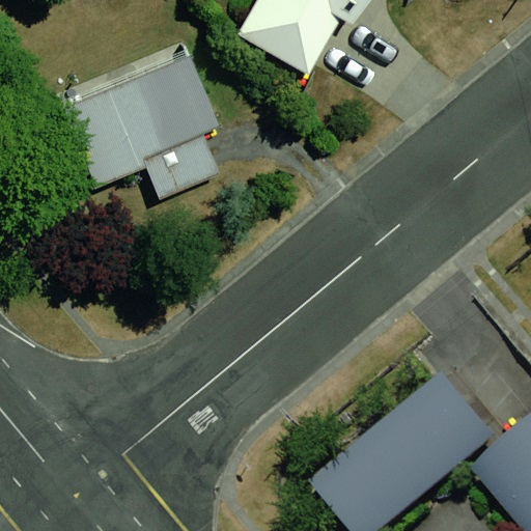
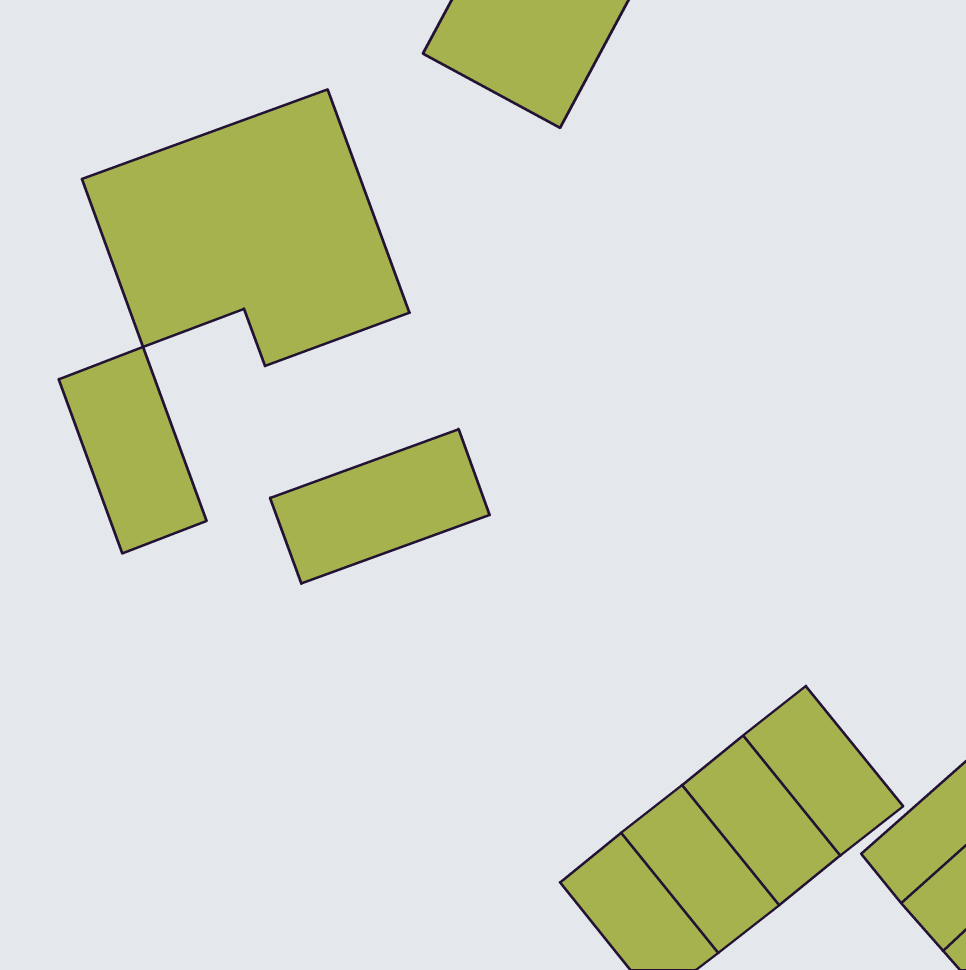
building: none -> [59,347,206,553]
building: none -> [270,429,490,584]

